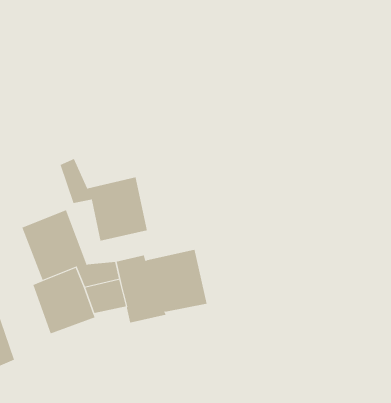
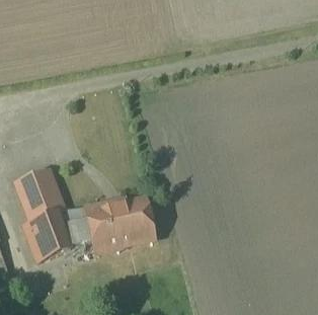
building: [60,158,148,241] -> none

